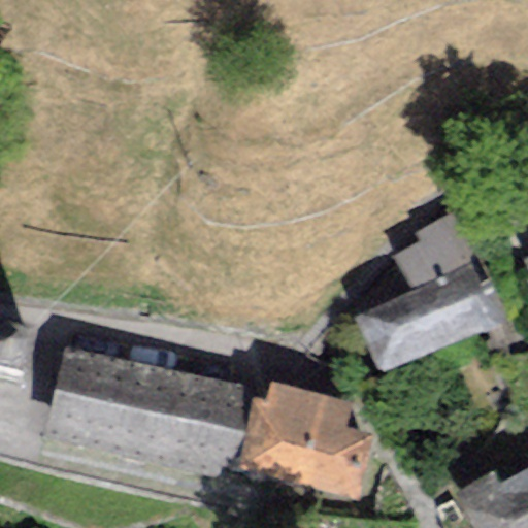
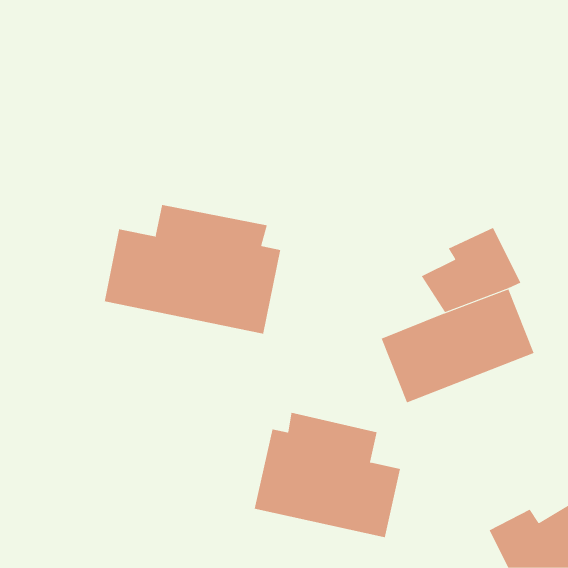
building: none -> [104,204,281,335]
building: [47,349,243,474] -> none

